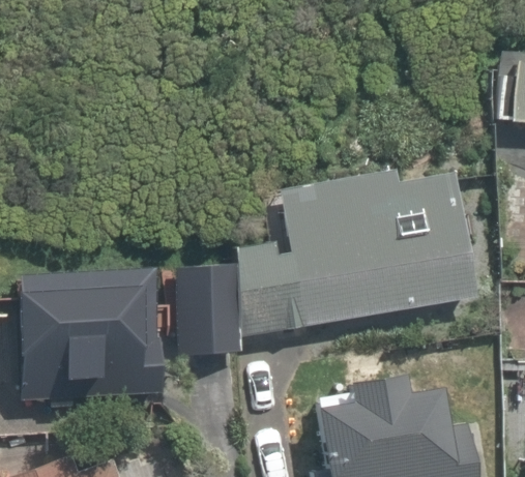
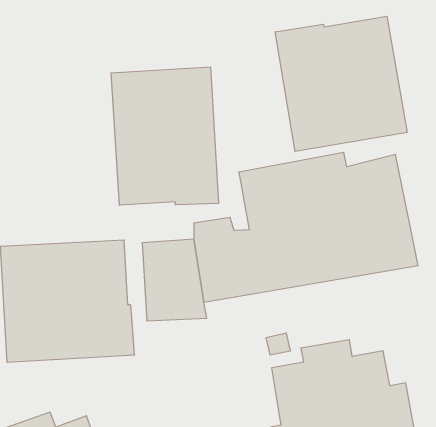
building: none -> [275,16,407,152]
building: none -> [111,67,218,205]

